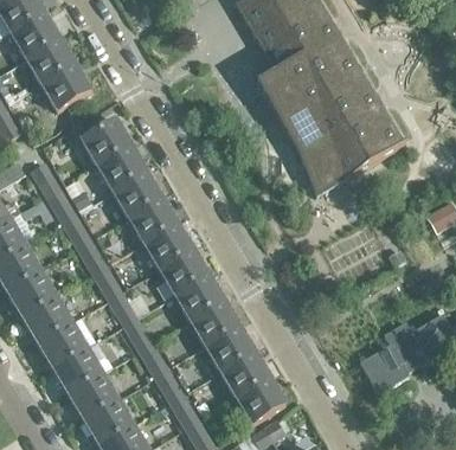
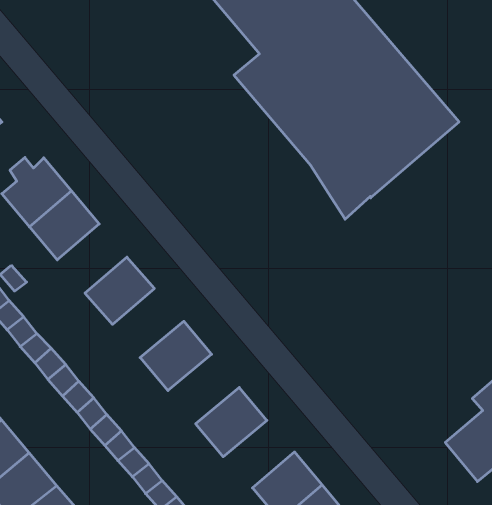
building: [114,172,162,218] -> none
building: [144,223,194,269] -> none
building: [175,275,225,321] -> none
building: [206,327,256,372] -> none

